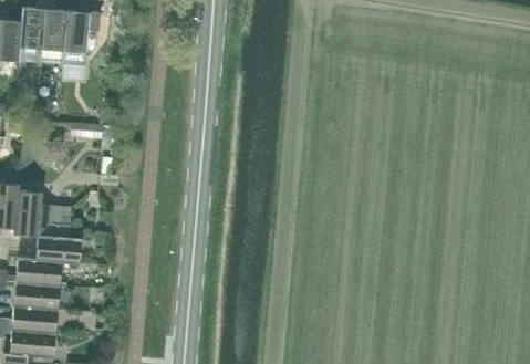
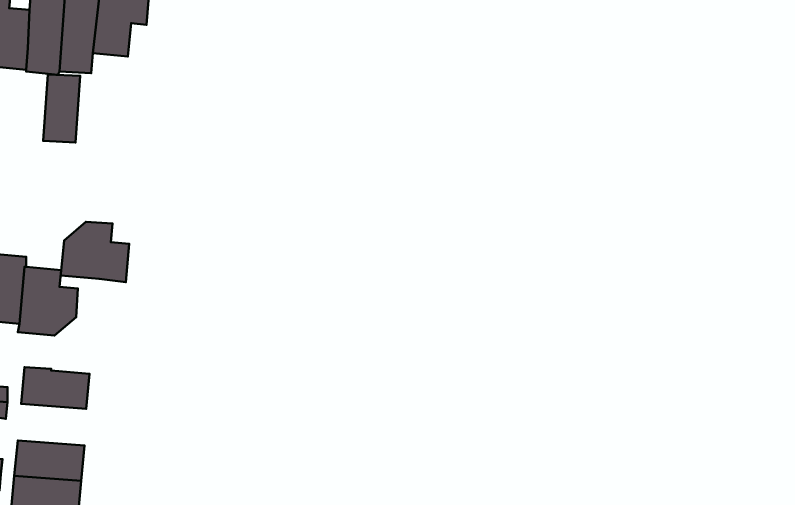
building: none -> [43,74,80,142]
building: [35,223,81,263] -> [61,222,129,282]
building: [13,281,59,309] -> none

